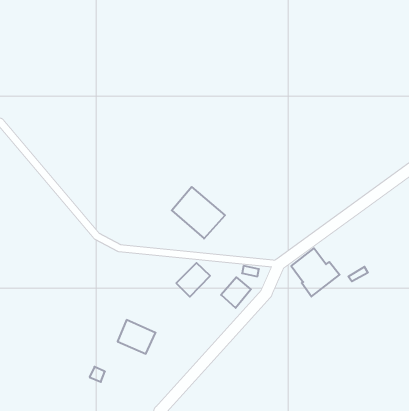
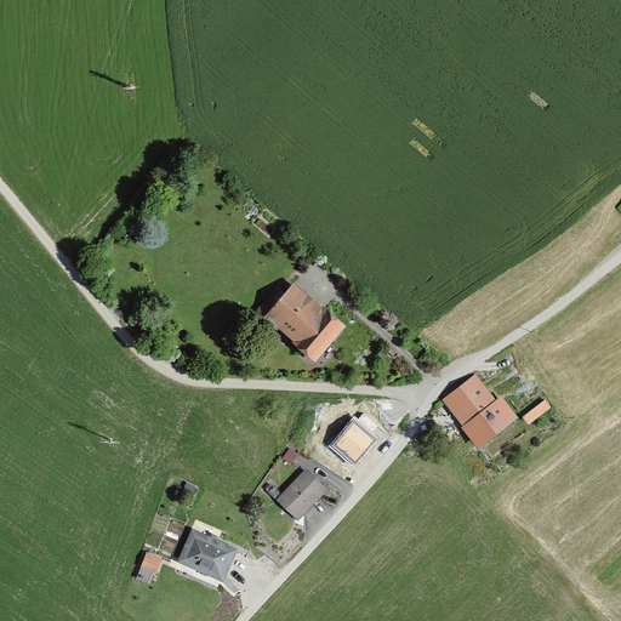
building: [176,263,210,297] -> [275,468,326,519]
building: [118,320,156,354] -> [178,529,235,580]

